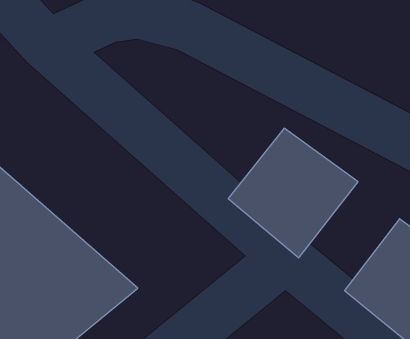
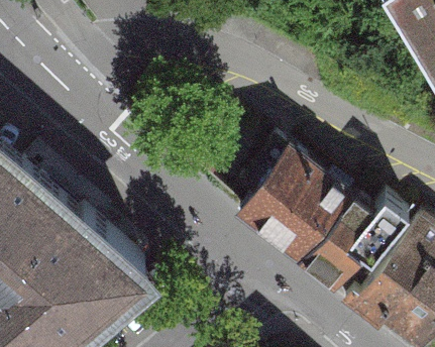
building: none -> [298,197,389,295]

